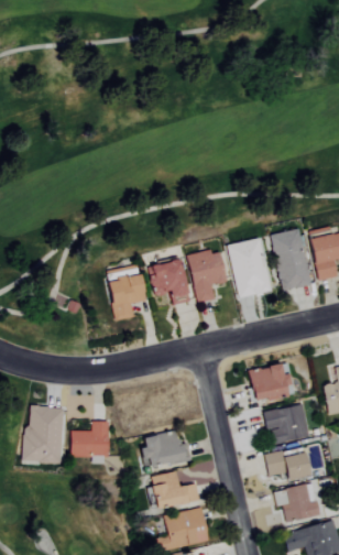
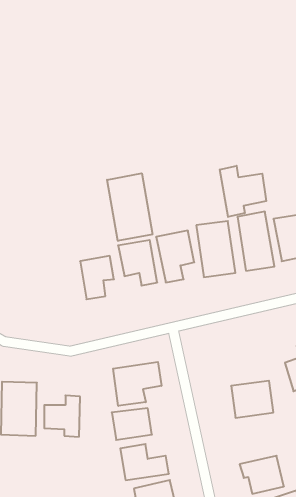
building: none -> [220,166,266,217]
building: none -> [107,173,152,241]
building: [248,364,295,403] -> none
building: none -> [113,362,161,406]
building: [265,451,309,480] -> none

